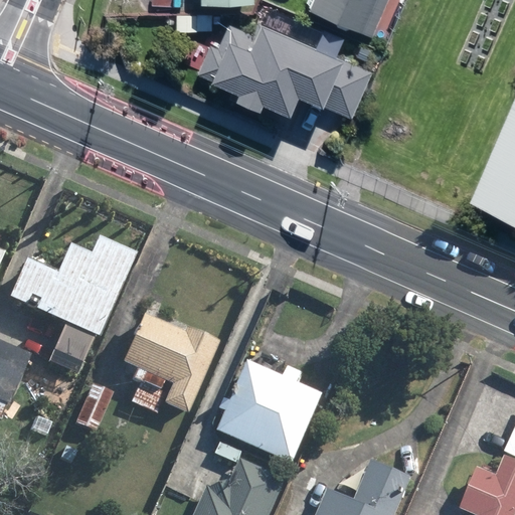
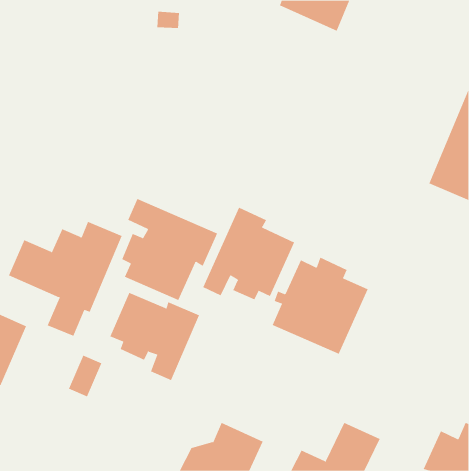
building: [194,20,369,116] -> none
building: none -> [121,198,218,301]
building: none -> [202,207,295,300]
building: [220,361,326,468] -> [272,257,369,355]

